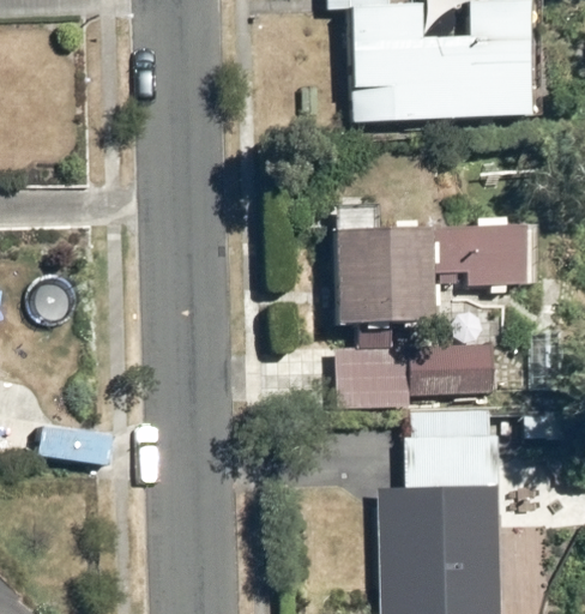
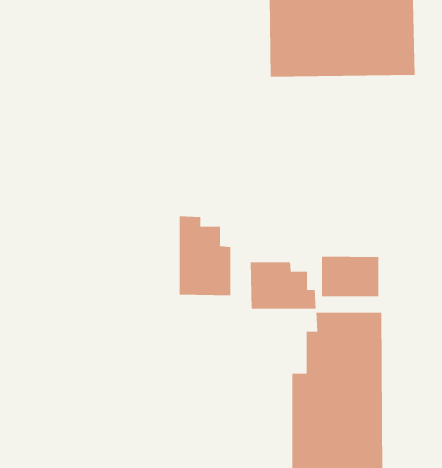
building: [328,218,532,320] -> none
building: none -> [179,215,231,296]

